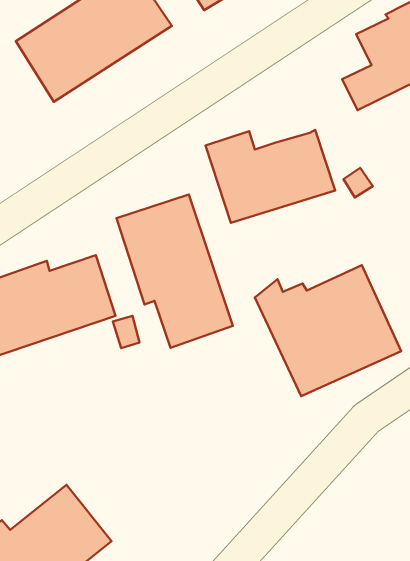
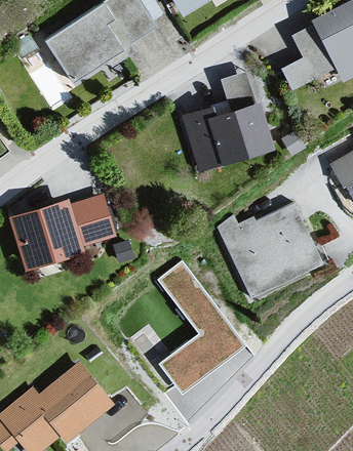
building: none -> [222,72,258,114]
building: [117,194,233,348] -> none
building: none -> [153,257,243,392]

